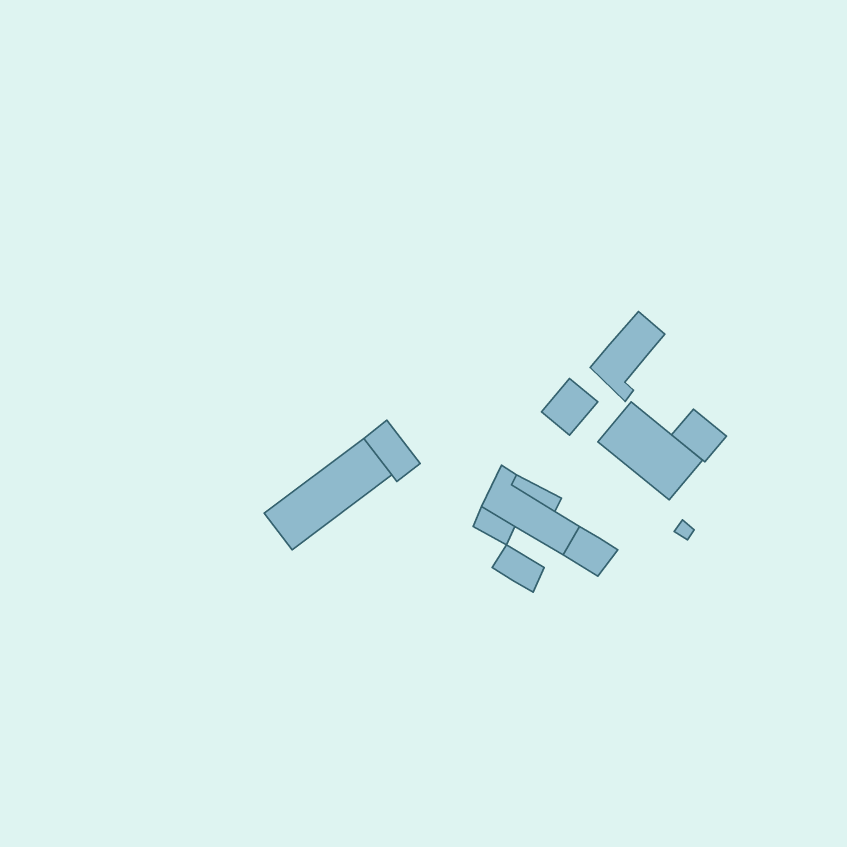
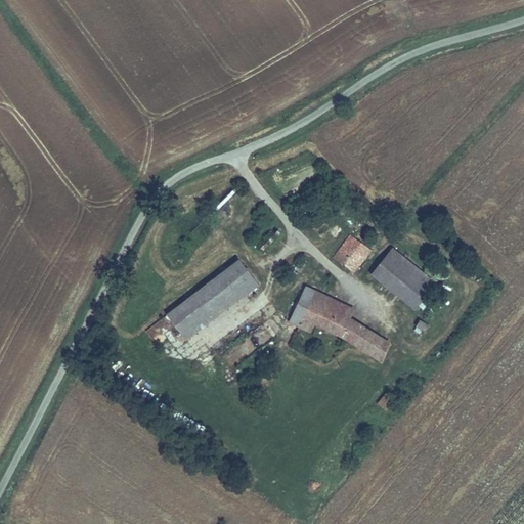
building: [590,311,665,402] -> none
building: [672,409,727,462] -> none
building: [492,545,544,592] -> none

